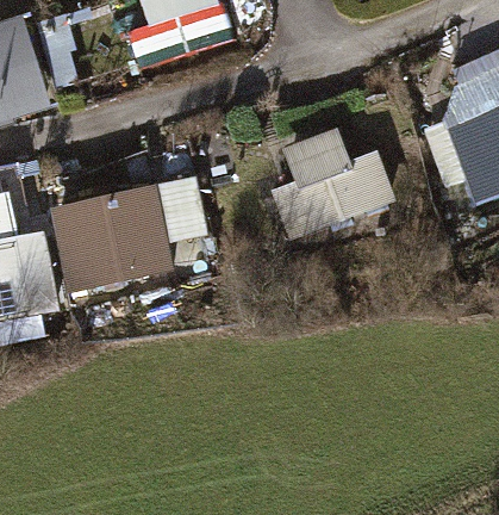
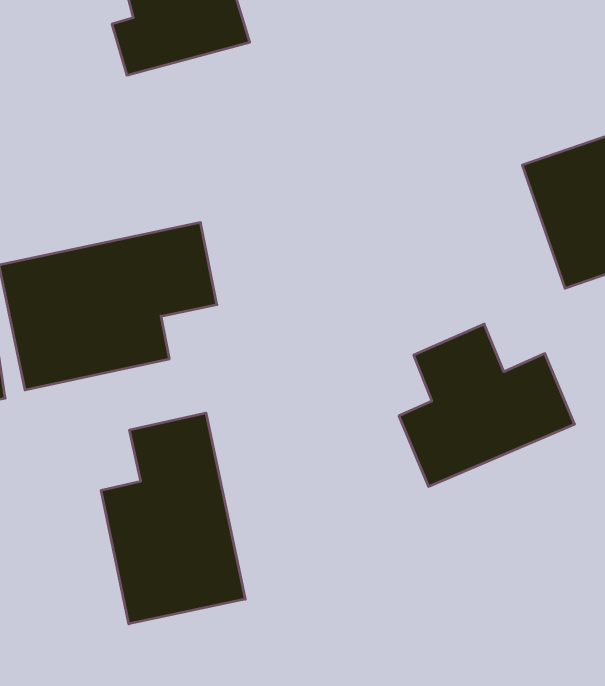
building: [269,125,397,243] -> [399,324,575,486]
building: none -> [101,413,245,624]

